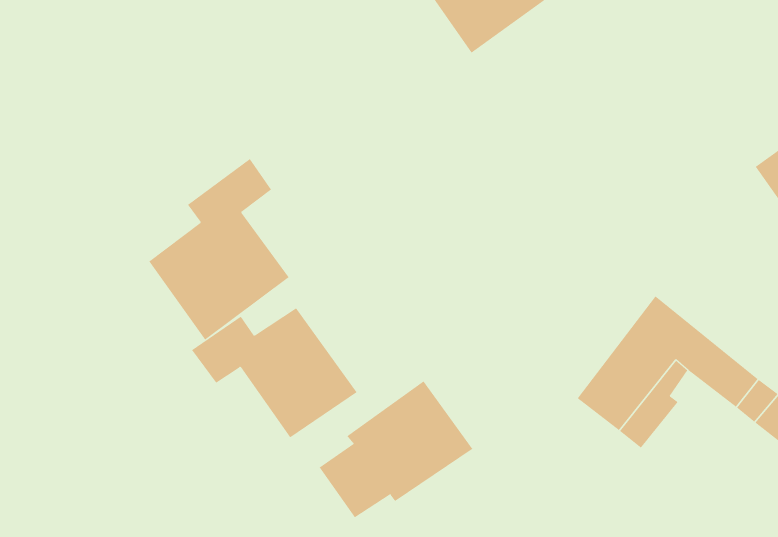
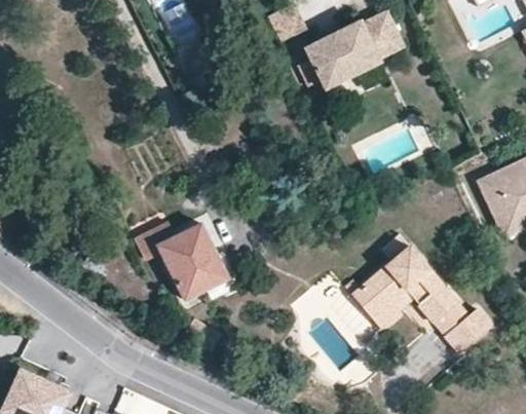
building: [149,158,290,340] -> none
building: [319,380,473,518] -> none

